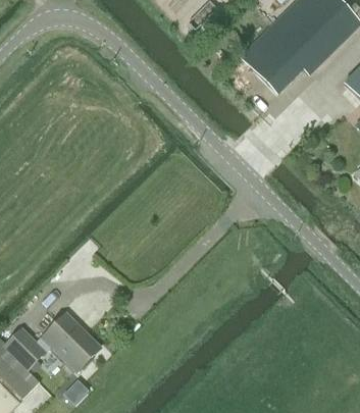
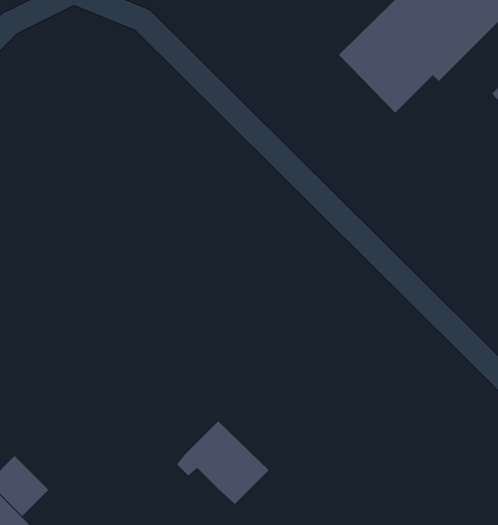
building: [37,313,100,370] -> [176,420,269,505]

